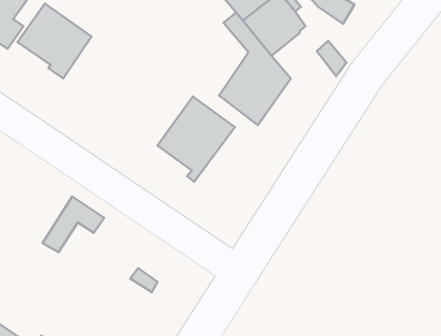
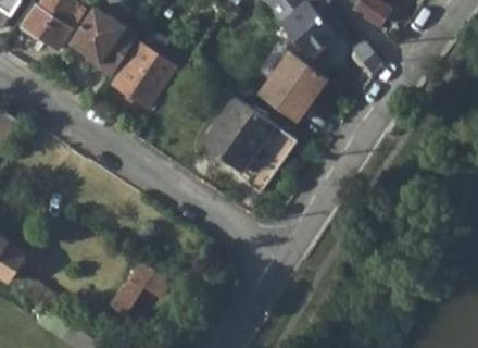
building: none -> [112,27,186,107]
building: none -> [236,123,295,191]
building: [43,196,104,252] -> [110,261,168,314]

